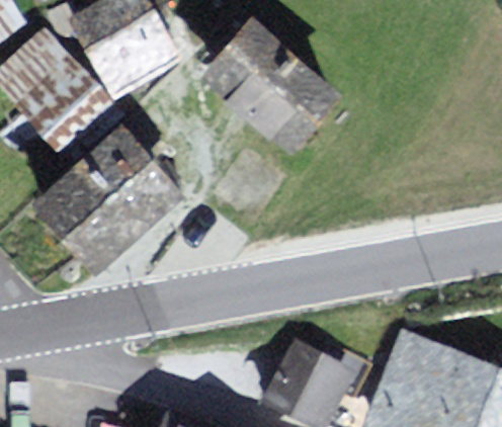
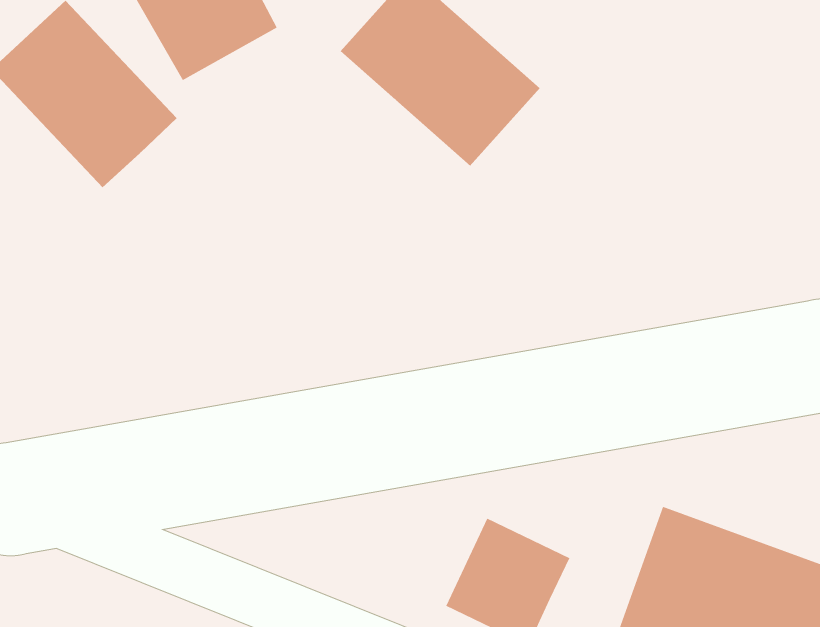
building: [38,124,172,257] -> none

